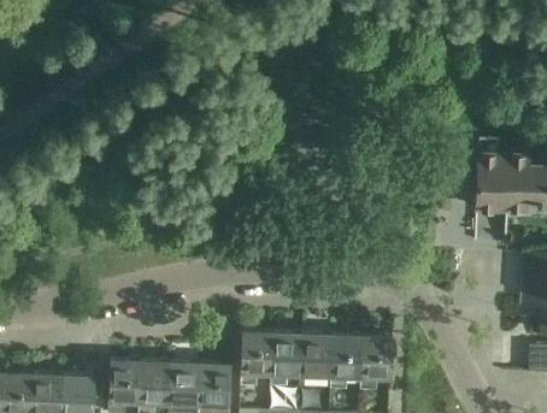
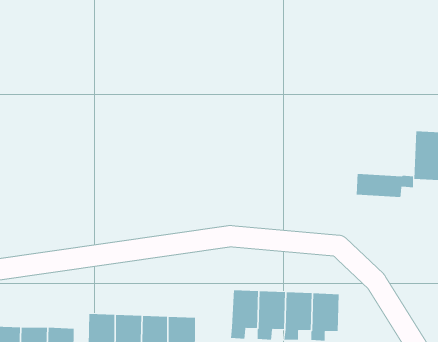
building: none -> [356,173,413,198]
building: [240,329,272,383] -> none

